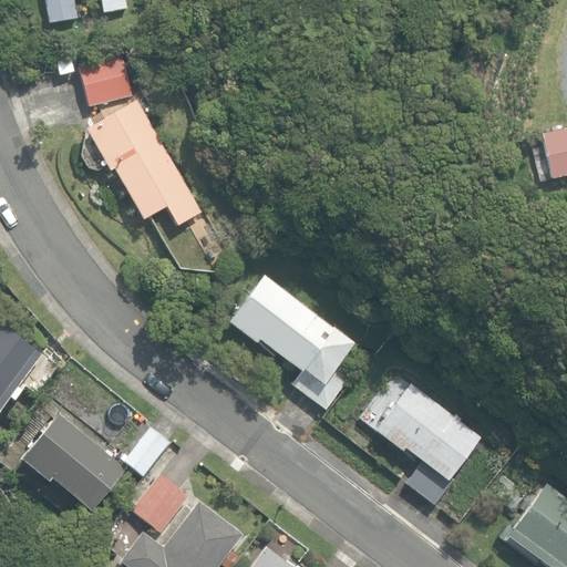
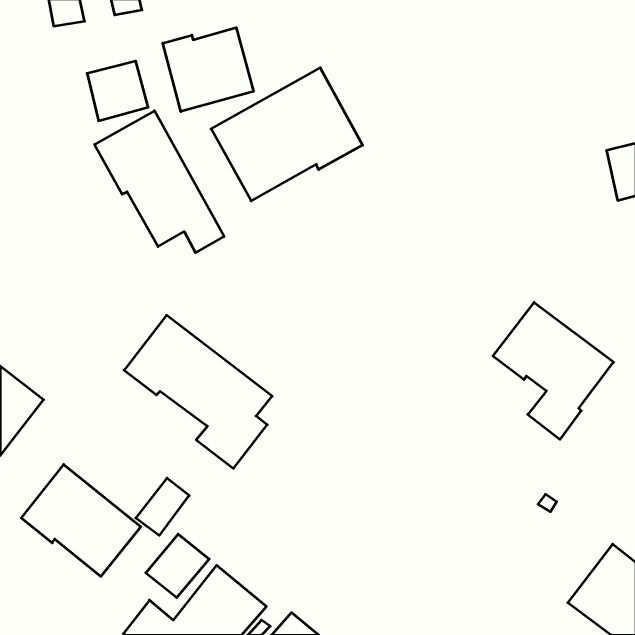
building: none -> [163,28,254,112]
building: none -> [211,68,363,201]
building: [225,272,357,409] -> [124,315,272,468]
building: [373,383,481,505] -> [493,302,614,439]

